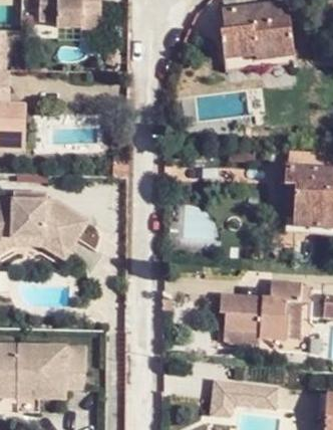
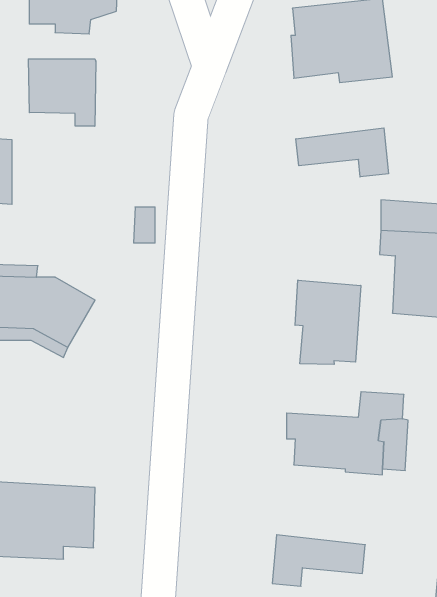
building: none -> [28,59,96,126]
building: none -> [296,128,388,177]
building: none -> [295,280,361,364]

